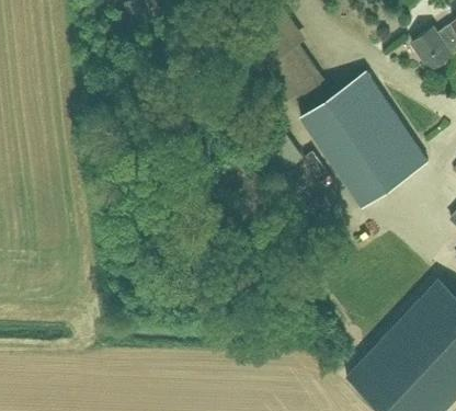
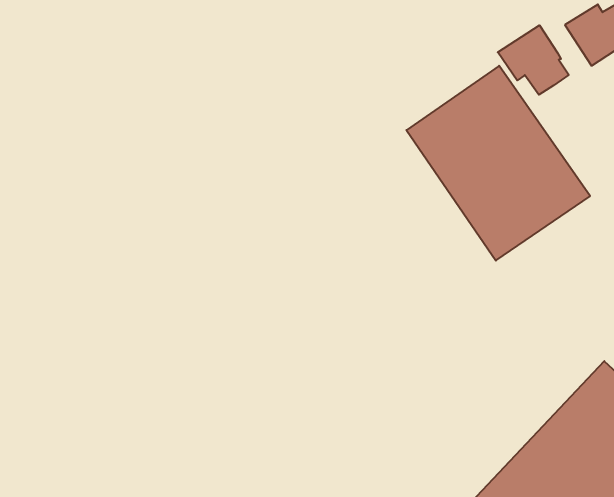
building: none -> [498,25,569,95]

